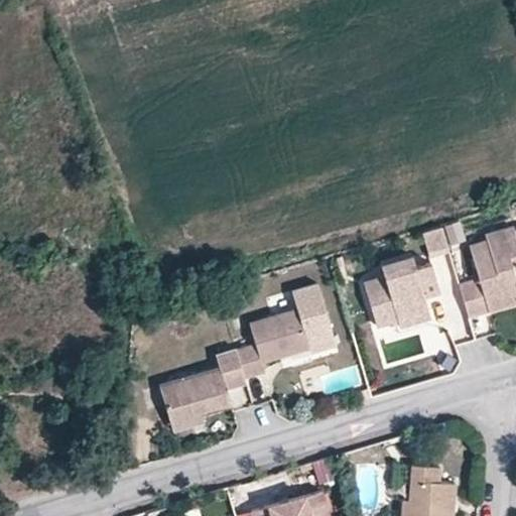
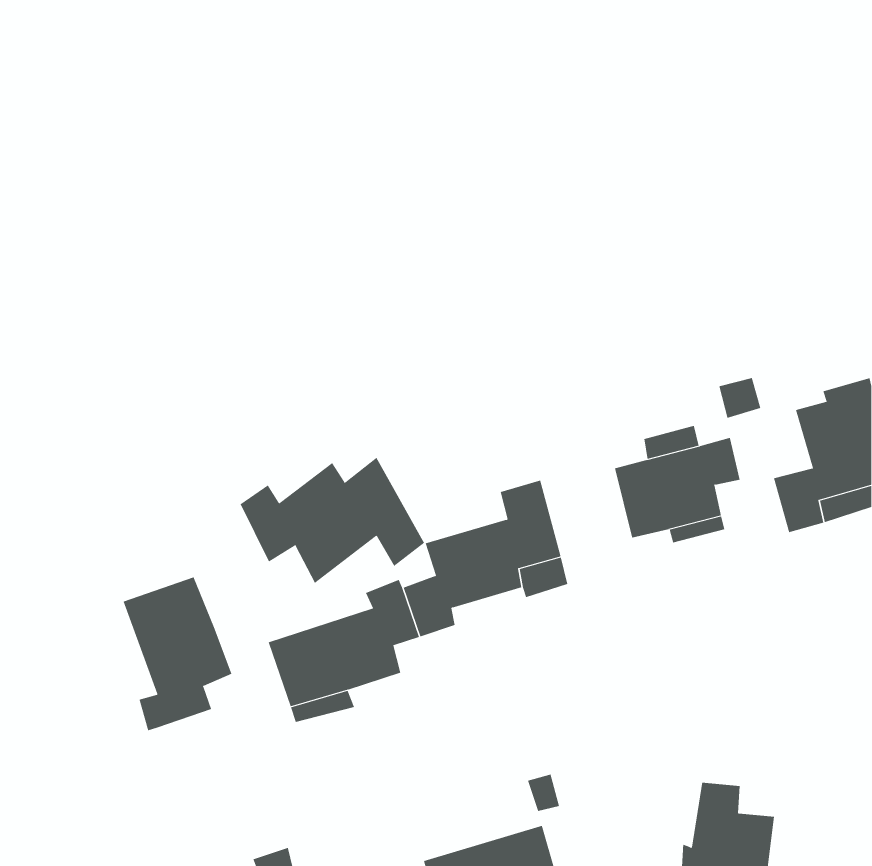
building: none -> [240,457,425,584]
building: none -> [123,576,232,731]

